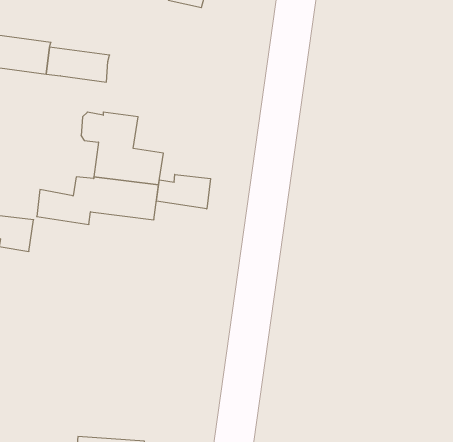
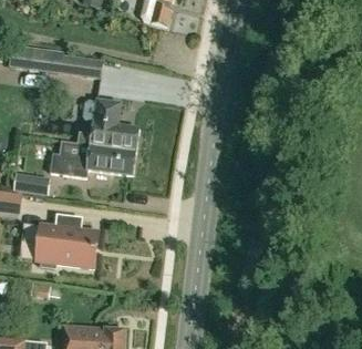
building: [157,174,211,209] -> none
building: none -> [33,215,95,267]

